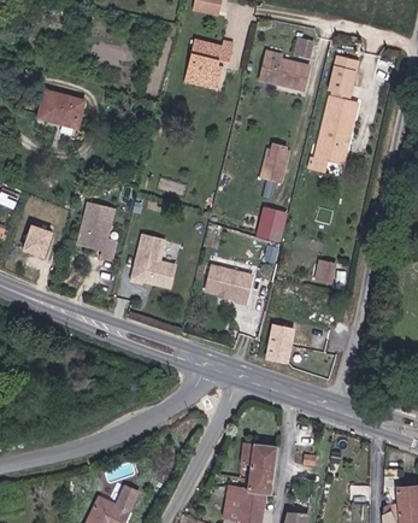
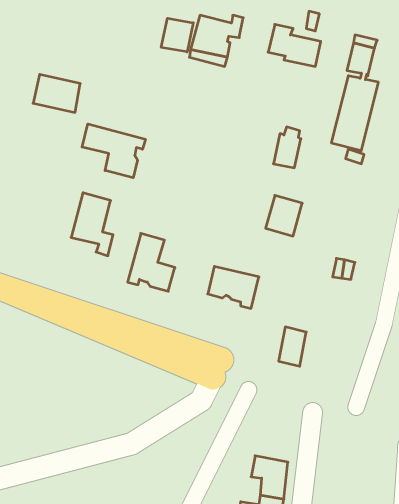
building: none -> [161,18,193,52]
building: none -> [82,124,145,178]
building: [23,222,55,257] -> none

